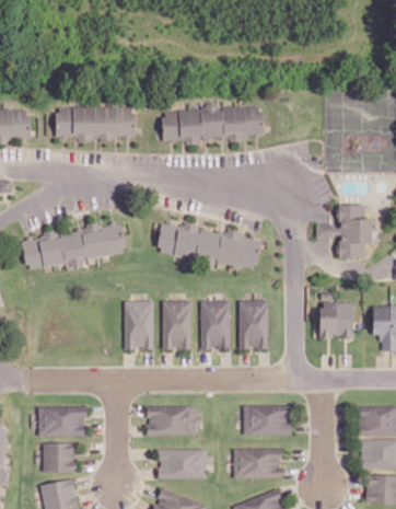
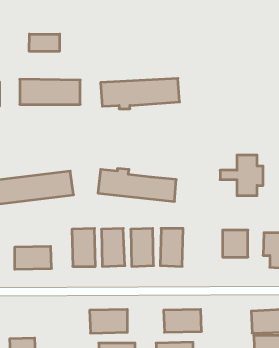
building: none -> [29,34,60,51]
building: [38,406,86,436] -> [15,246,52,269]

